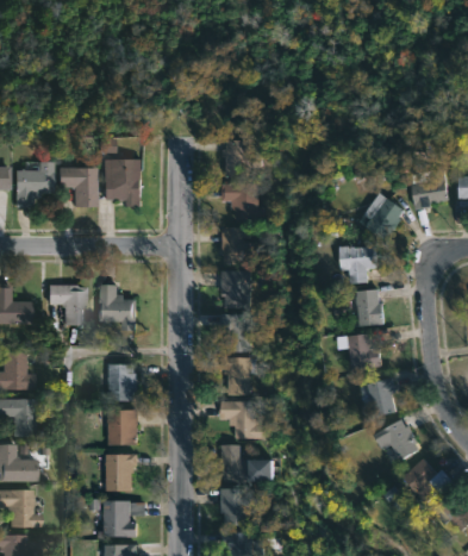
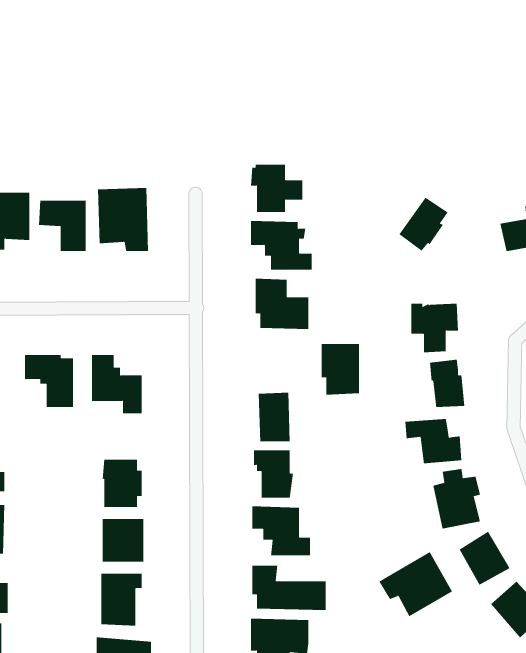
building: [369,198,407,239] -> [399,197,448,251]
building: [221,270,251,310] -> [321,344,360,395]
building: none -> [378,551,453,617]

